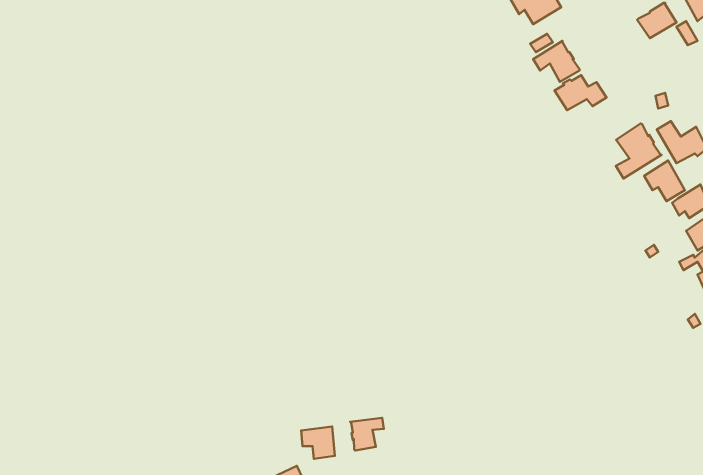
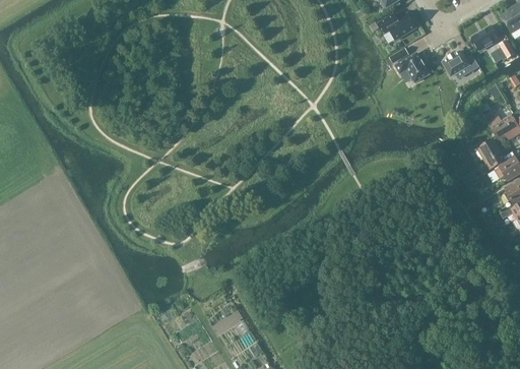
building: [554,75,606,110] -> [442,51,479,76]
building: [616,124,662,178] -> none
building: [350,418,384,450] -> none

